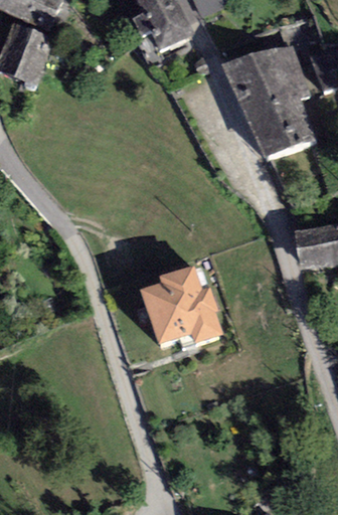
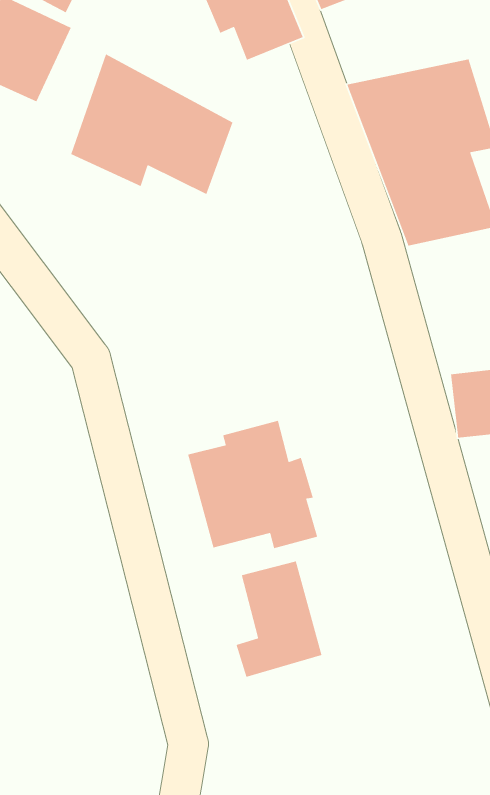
building: none -> [70,53,233,195]
building: none -> [236,560,322,678]

